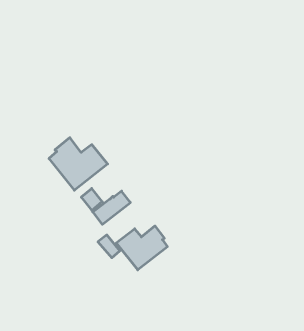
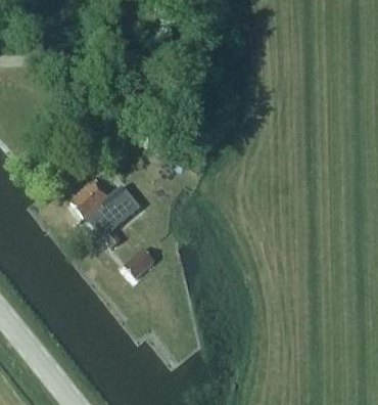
building: [116,226,167,270] -> none

